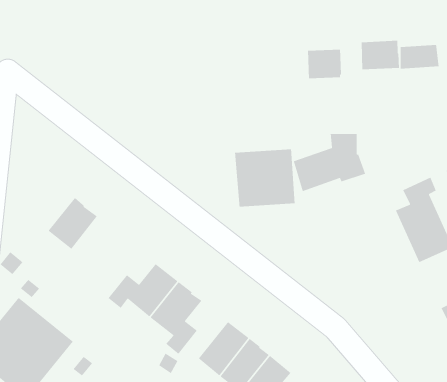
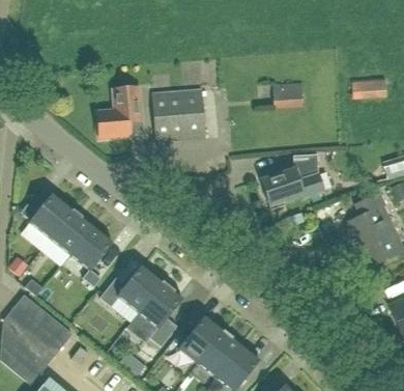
building: [361,40,400,70] -> none
building: none -> [97,86,142,137]
building: [234,148,295,207] -> [152,89,205,140]
building: none -> [20,193,71,238]
building: none -> [69,225,112,286]

